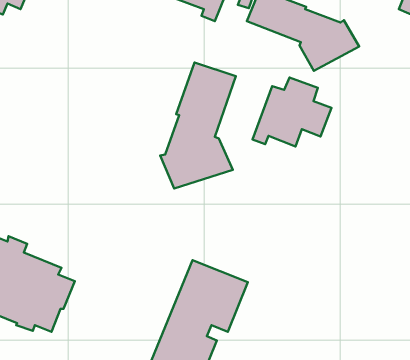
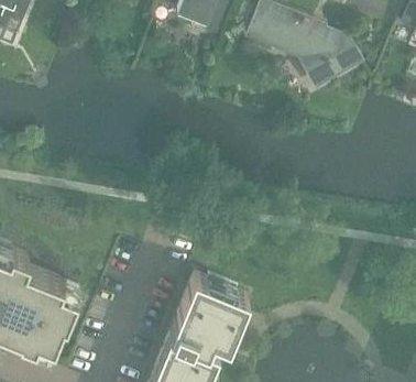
building: [160,63,236,188] -> none
building: [252,77,331,146] -> none

